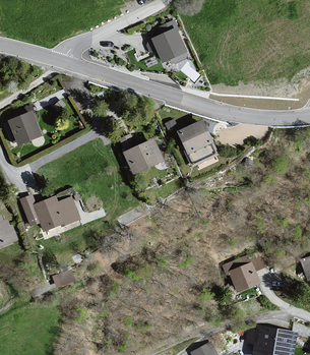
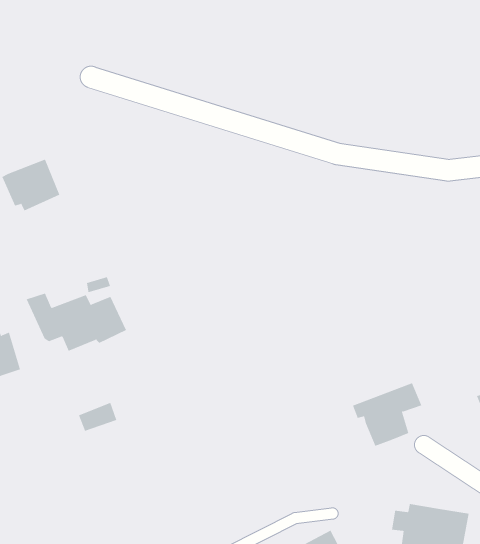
building: [150,29,191,64] -> none
building: [180,121,219,165] -> none
building: [125,140,163,172] -> none

